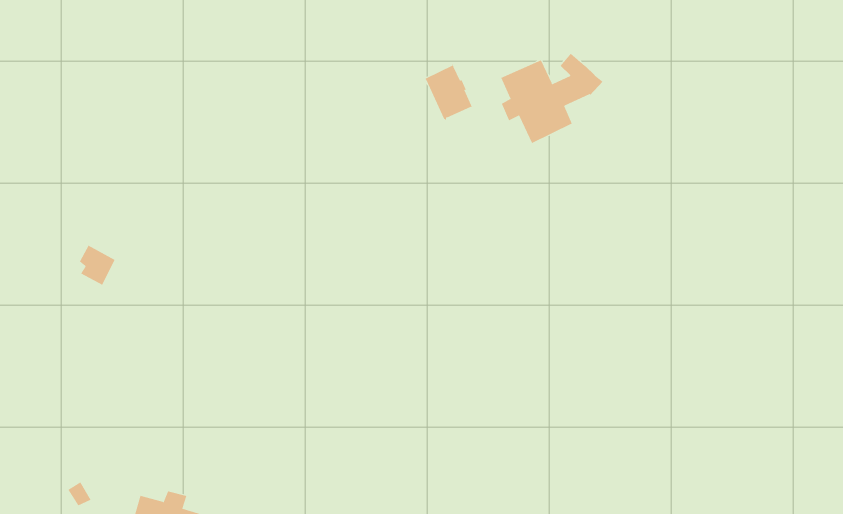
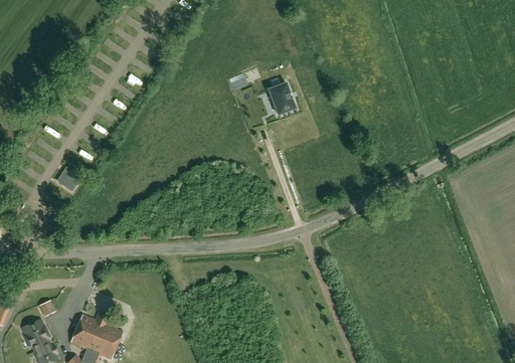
building: [500,53,604,144] -> none

